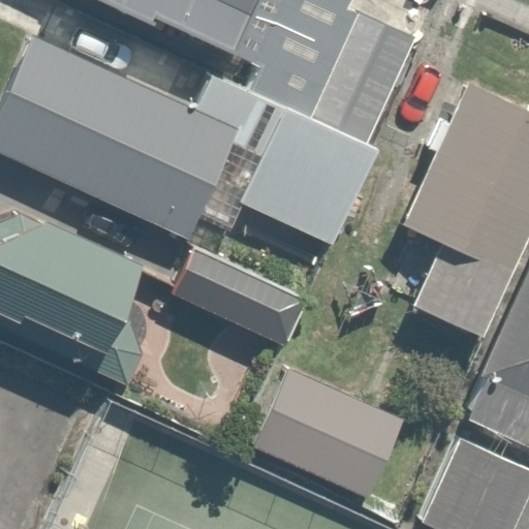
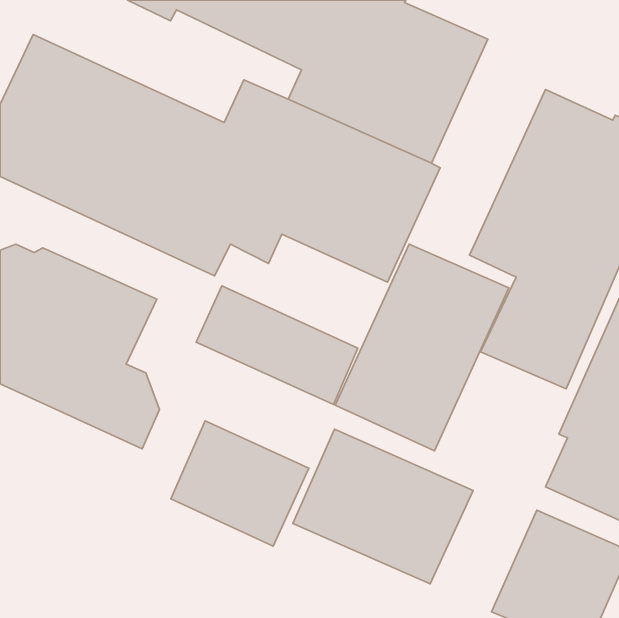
building: none -> [335,244,509,451]
building: none -> [171,421,309,546]

